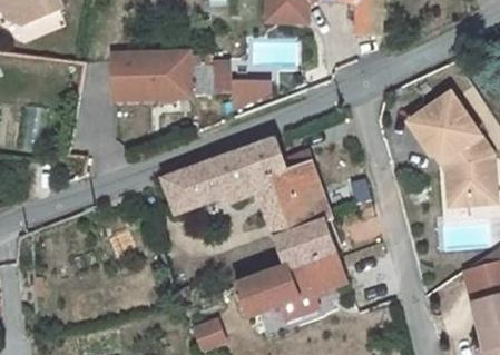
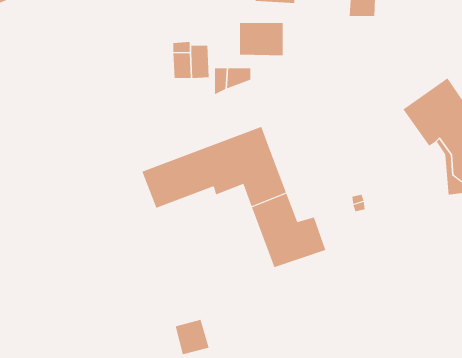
building: [111,53,189,99] -> none
building: [283,149,331,225] -> none
building: [237,252,346,317] -> none

